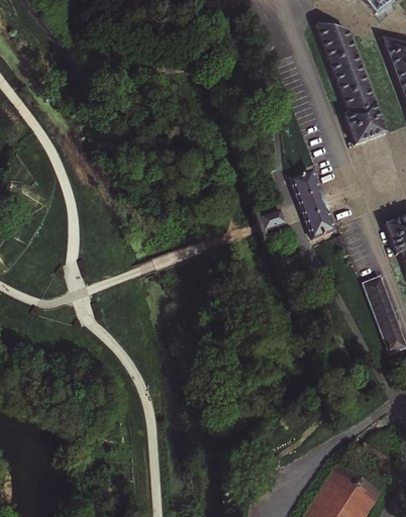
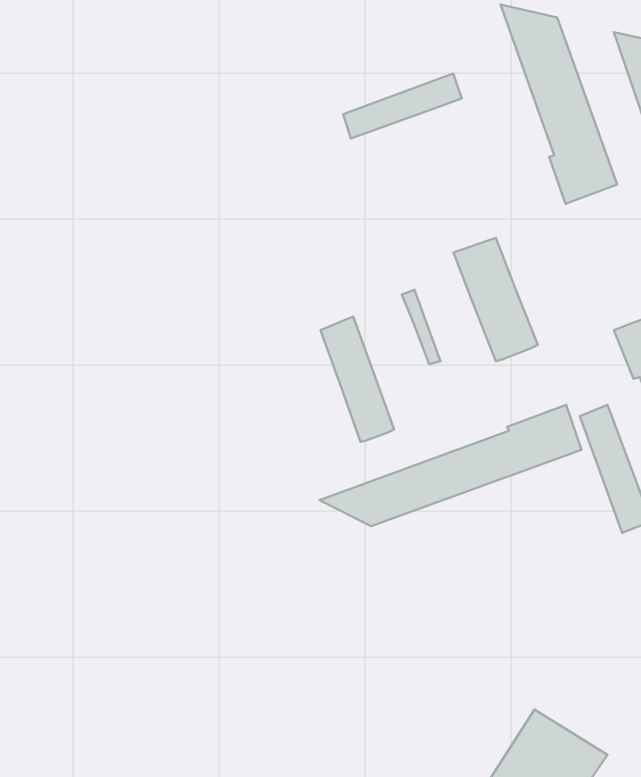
building: none -> [343,73,462,138]
building: none -> [320,317,394,442]
building: none -> [320,405,581,526]

